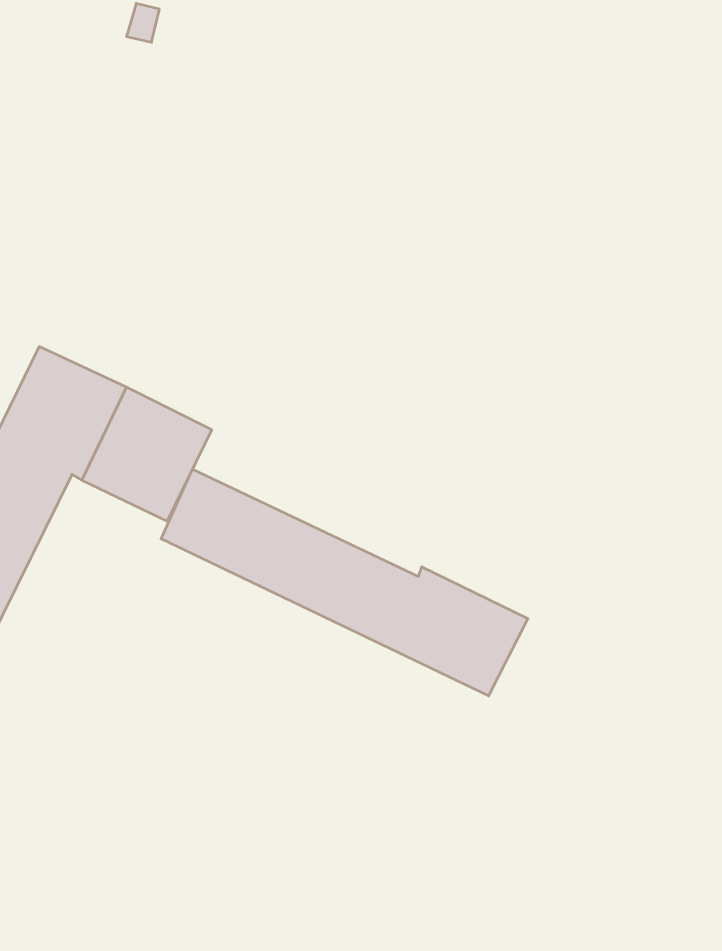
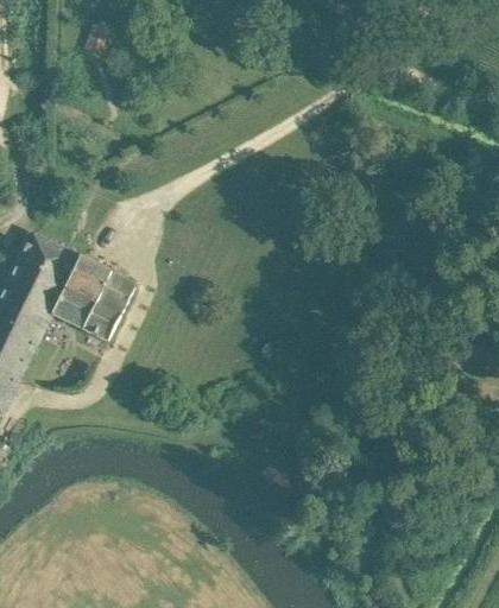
building: [161,469,528,696] -> none

